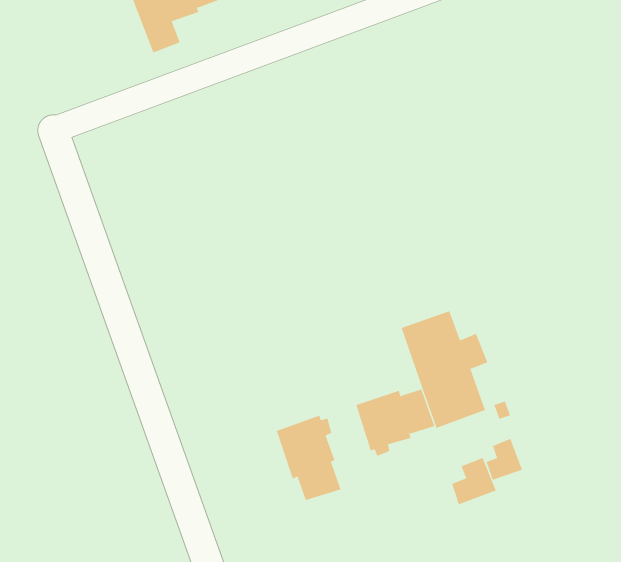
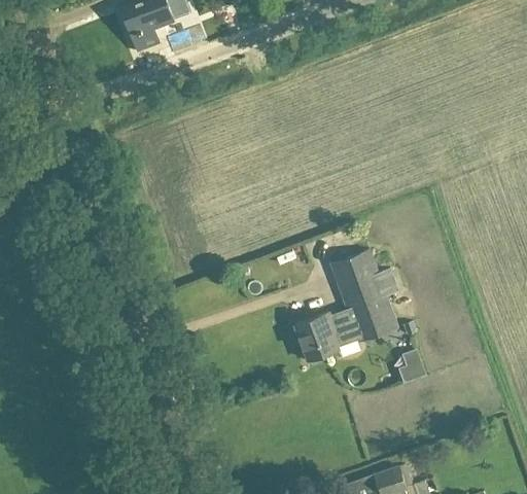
building: [276,415,341,501] -> none
building: [451,457,496,505] -> none

